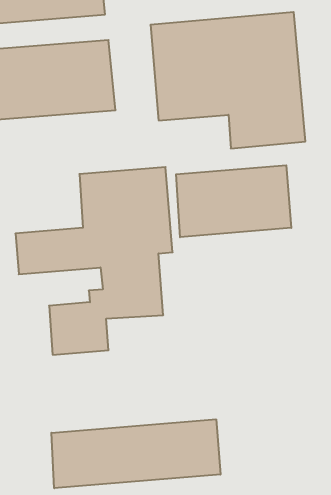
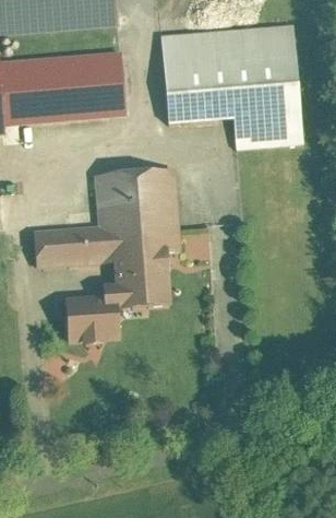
building: [176,165,291,237] -> none
building: [51,419,220,488] -> none

